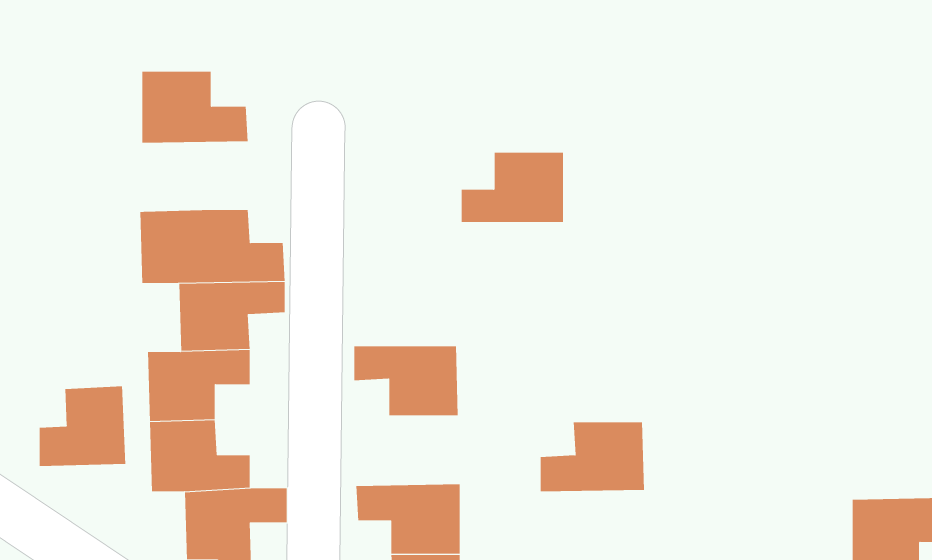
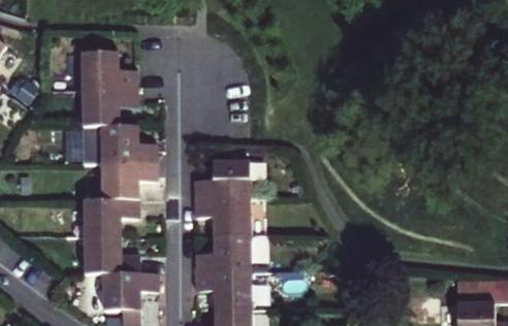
building: none -> [81,89,137,126]
building: [461,152,564,222] -> [193,160,248,197]
building: [39,385,126,467] -> none
building: [540,422,645,492] -> [194,234,250,271]

